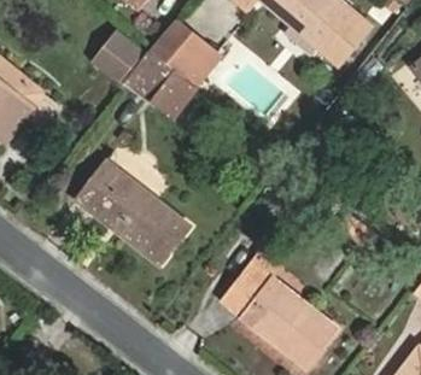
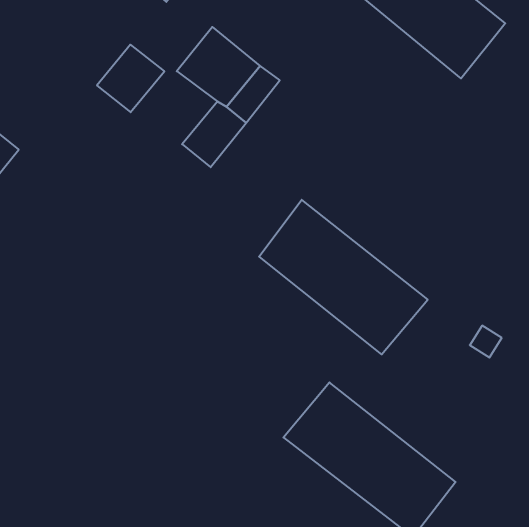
building: [124,52,175,101] -> none
building: [77,162,192,266] -> [259,200,428,354]

